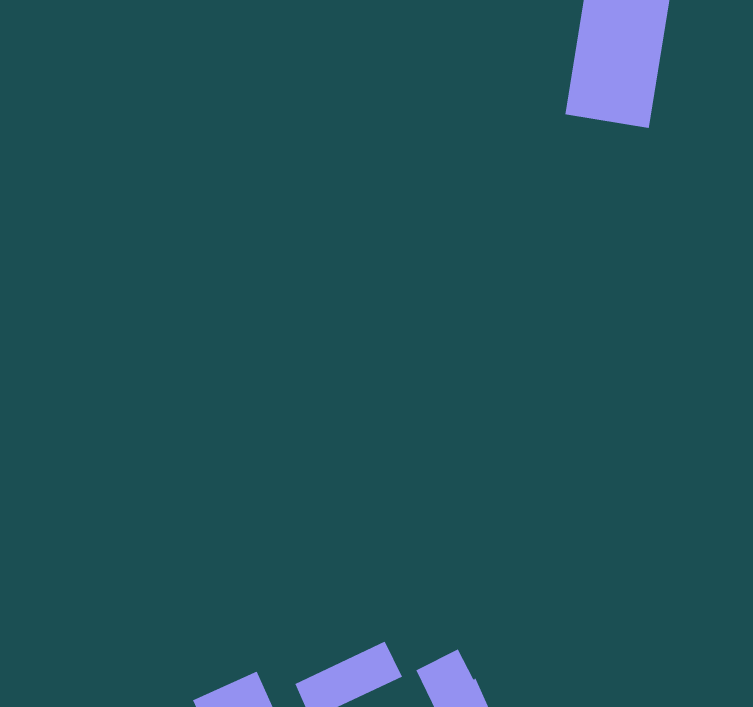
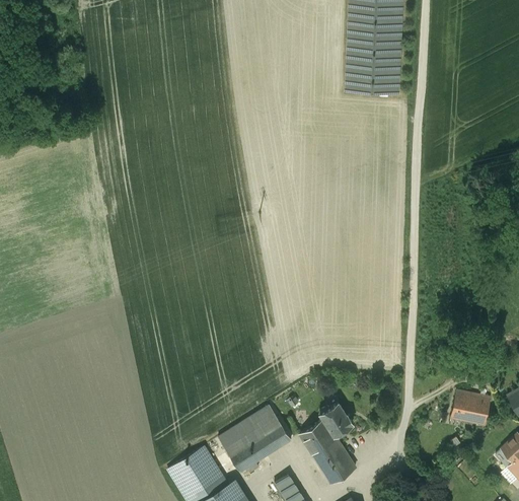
building: none -> [219,405,279,451]
building: none -> [320,403,353,435]
building: none -> [451,389,491,425]

